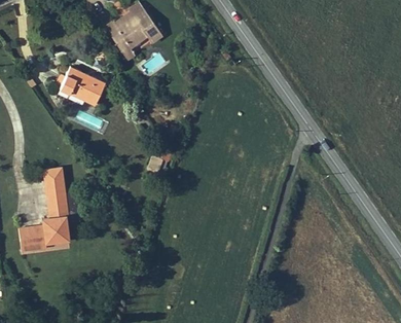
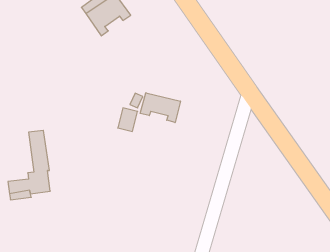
building: [61,67,106,107] -> none
building: none -> [140,93,180,123]

